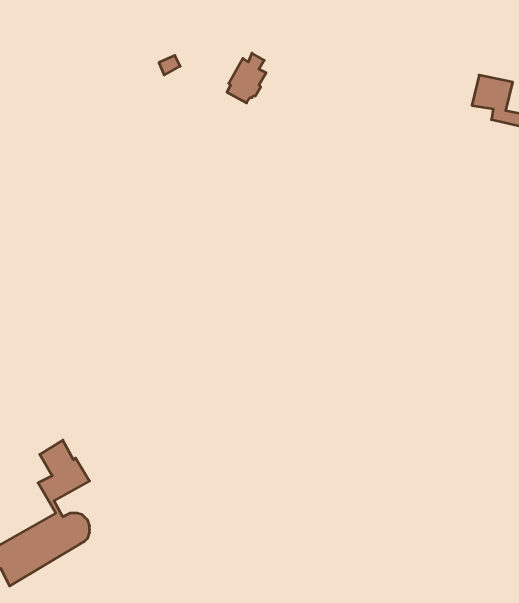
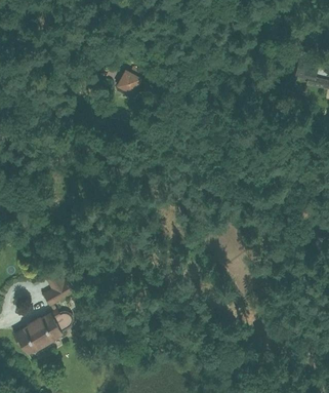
building: [227,53,266,103] -> [116,68,138,96]

